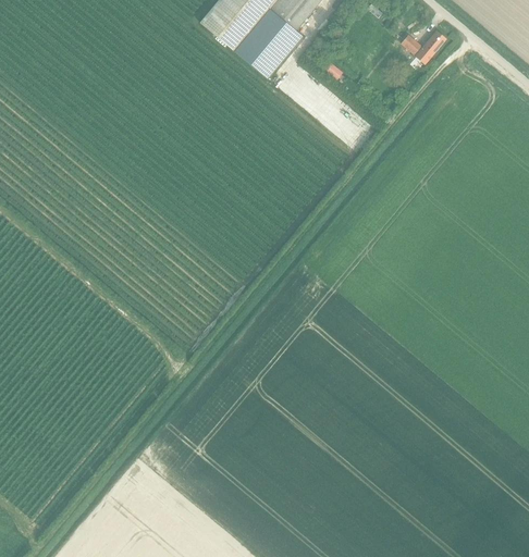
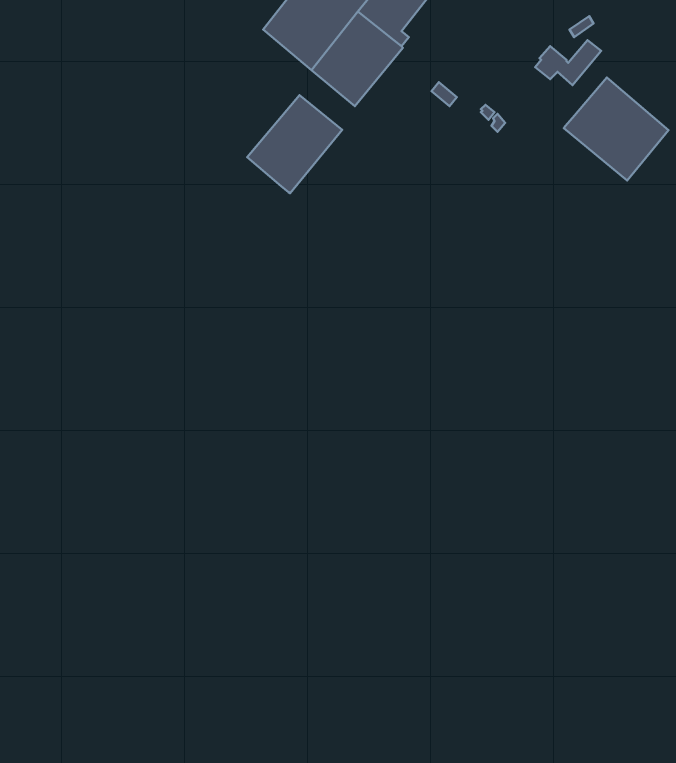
building: none -> [564,77,668,180]
building: none -> [247,95,342,193]

